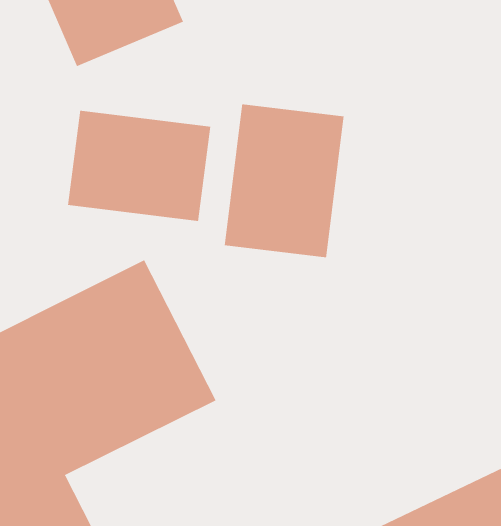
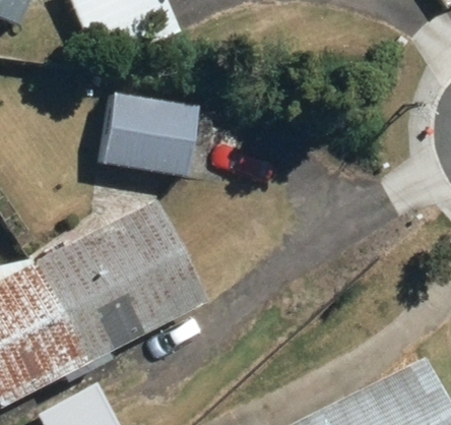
building: [224,104,344,258] -> none

